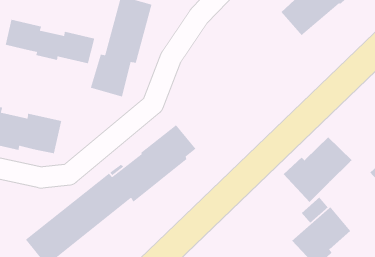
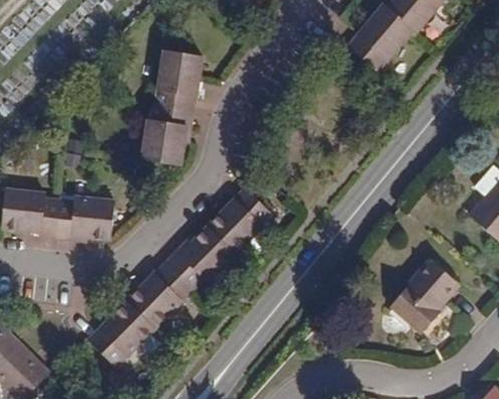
building: [5,19,95,64] -> none
building: [283,137,353,203] -> none

